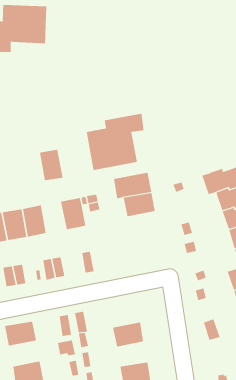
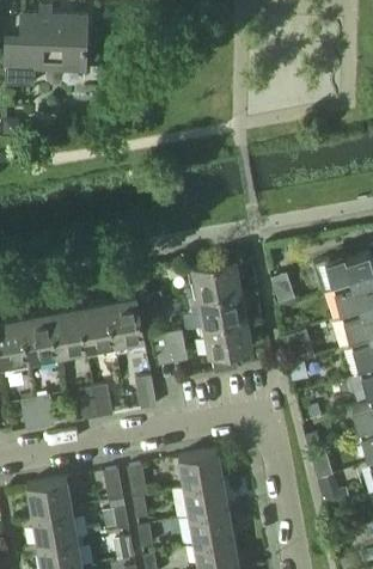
building: [86,113,144,171] -> none
building: [39,149,64,181] -> [79,305,115,351]
building: none -> [204,319,252,373]
building: none -> [153,331,186,366]
building: none -> [178,452,225,490]
building: none -> [30,510,77,547]
building: none -> [189,510,236,547]

